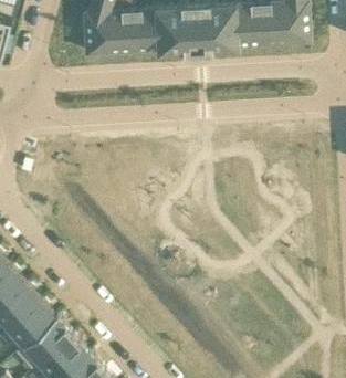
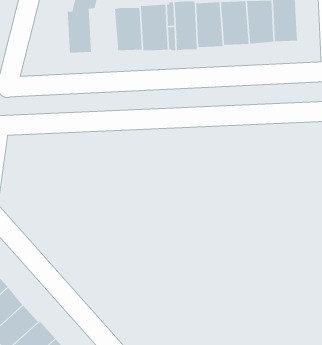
building: [105,10,133,53] -> none

